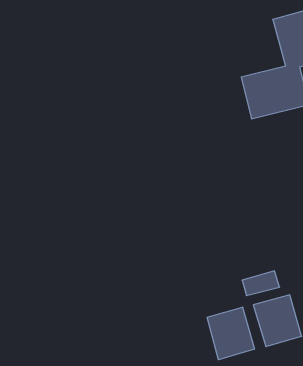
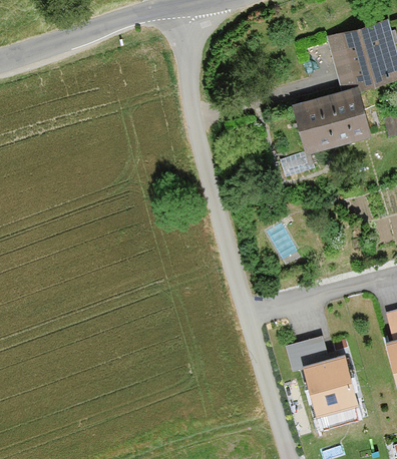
building: [207,307,255,360] -> none

